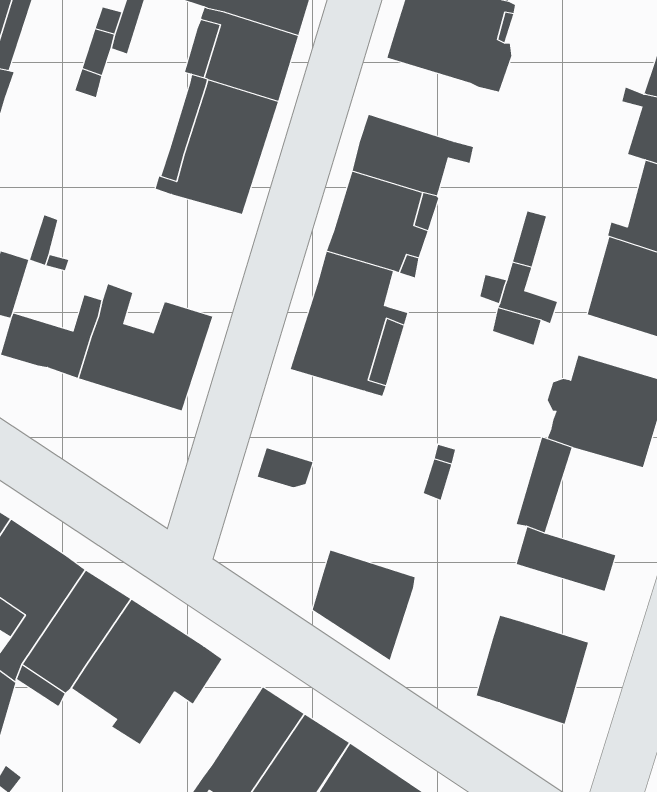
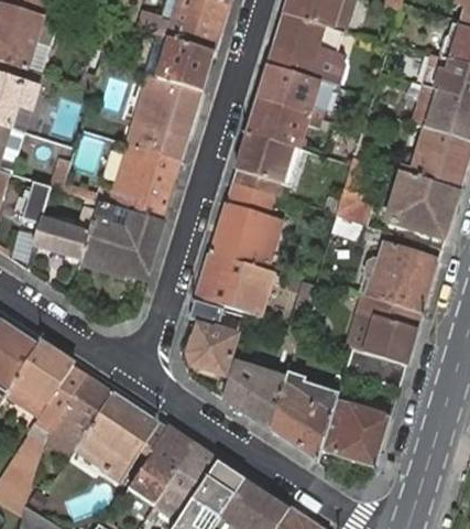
building: none -> [255,64,323,118]
building: none -> [97,143,179,220]
building: none -> [195,252,271,316]
building: none -> [362,300,422,365]
building: none -> [187,327,236,376]
building: none -> [269,371,337,461]
building: none -> [135,428,192,499]

